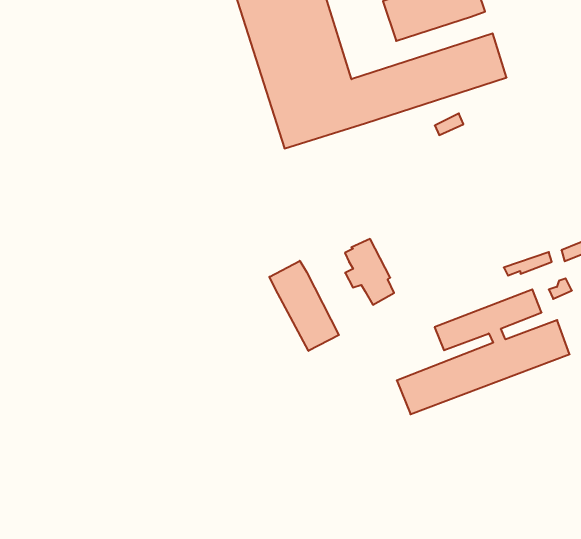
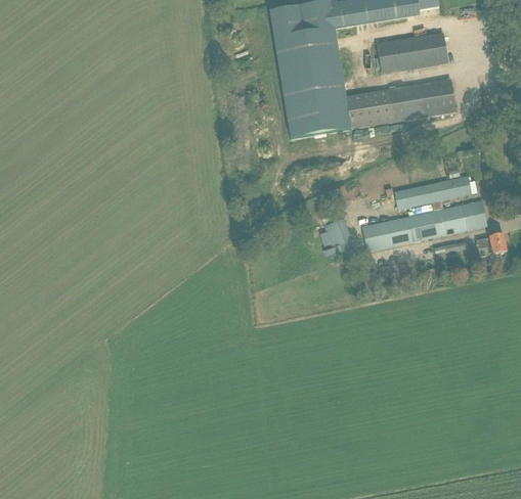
building: [269,261,339,351] -> none
building: [397,289,570,414] -> [361,175,487,251]

